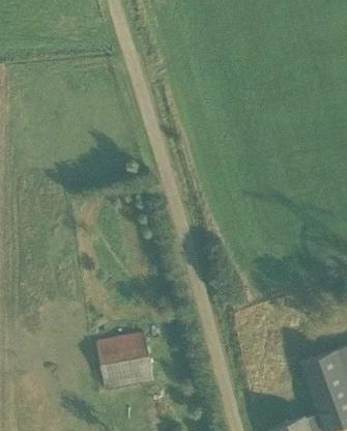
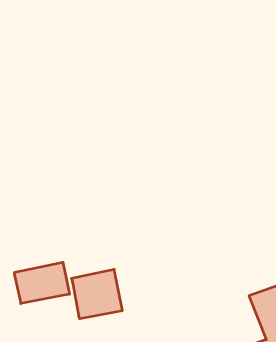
building: none -> [14,262,69,304]

